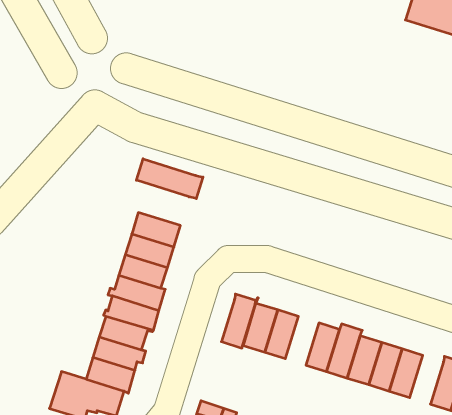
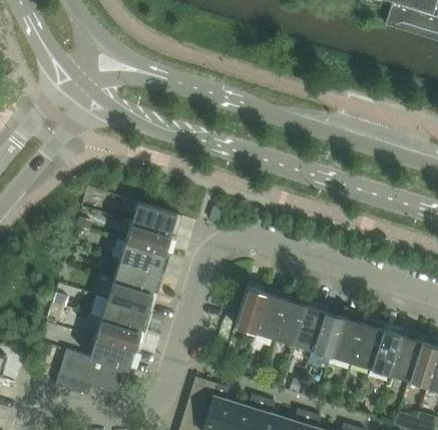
building: [136,159,203,199] -> none
building: [221,294,256,348] -> [274,295,306,345]
building: none -> [389,336,420,381]

